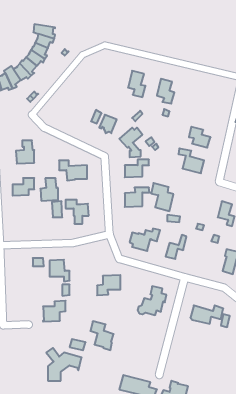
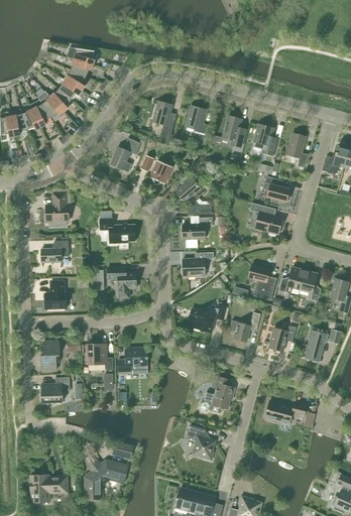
building: none -> [153,101,174,142]
building: none -> [254,123,275,154]
building: none -> [284,132,308,166]
building: none -> [110,137,141,171]
building: [40,178,58,201] -> [44,280,67,308]
building: [151,183,173,211] -> [248,264,276,299]
building: none -> [278,266,305,291]
building: none -> [268,325,297,351]
building: none -> [40,341,60,369]
building: [97,275,120,295] -> [118,347,147,372]
building: [43,301,66,322] -> [41,376,70,402]
building: [90,321,114,350] -> [187,424,216,461]
building: none -> [30,474,68,502]

